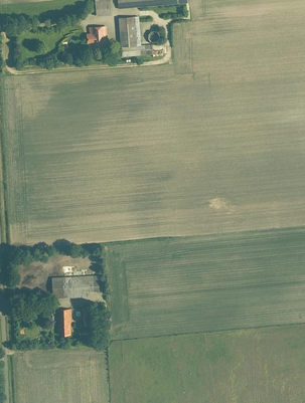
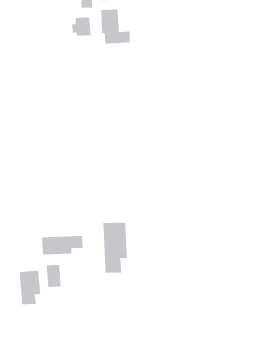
building: none -> [103,222,127,273]
building: none -> [19,270,41,305]

